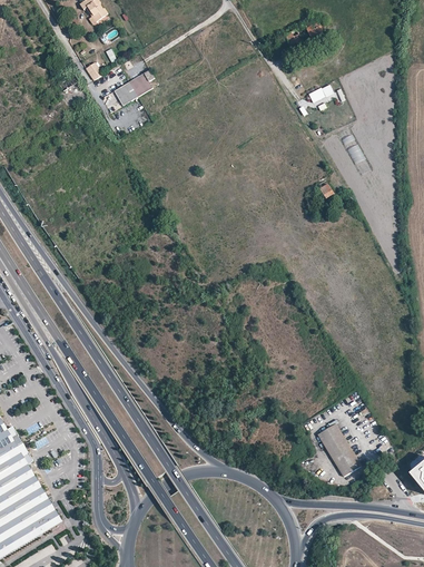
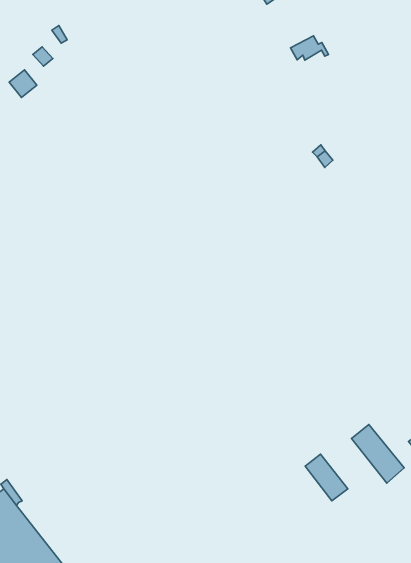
building: [114,69,154,105] -> none
building: none -> [305,454,348,501]

